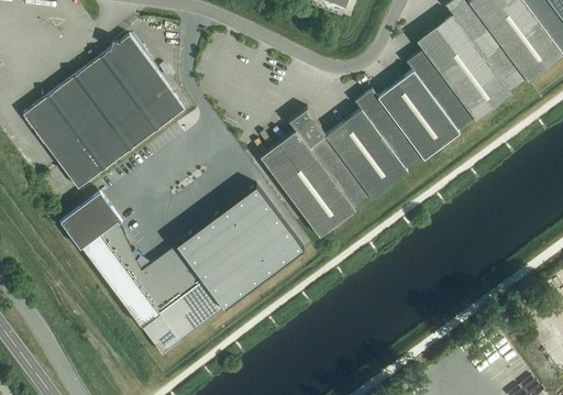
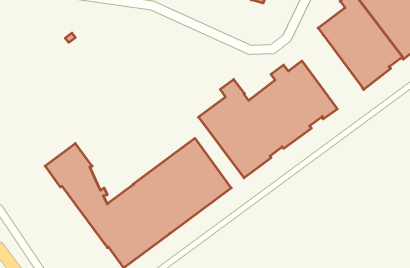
building: [23,35,185,188] -> none
building: [396,50,474,146] -> none

